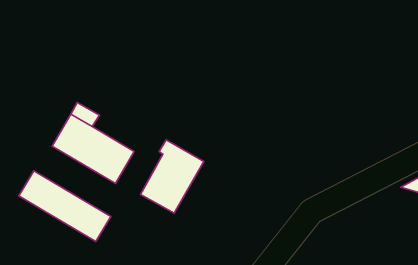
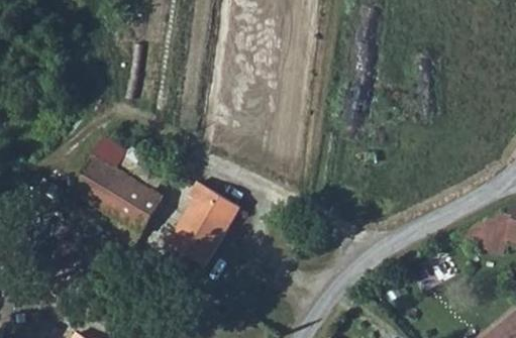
building: [19,171,111,241] -> none

